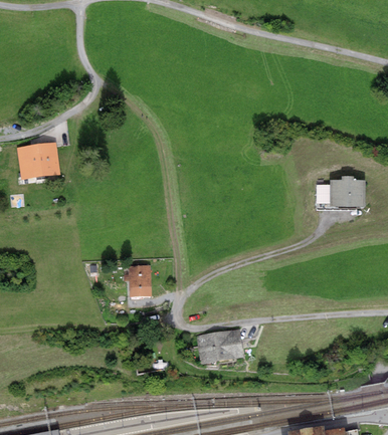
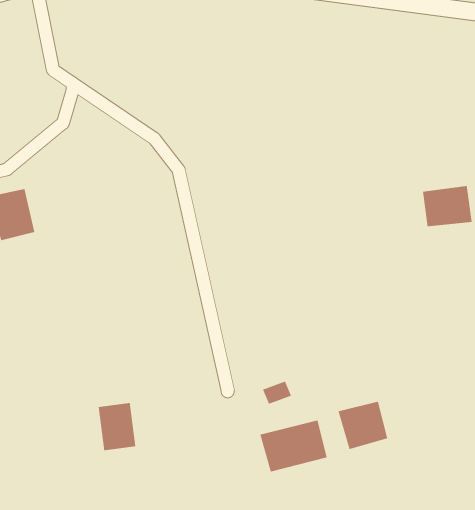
building: [128,265,151,296] -> [98,403,136,451]
building: none -> [338,401,388,450]

